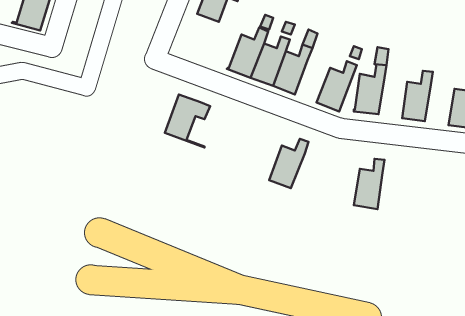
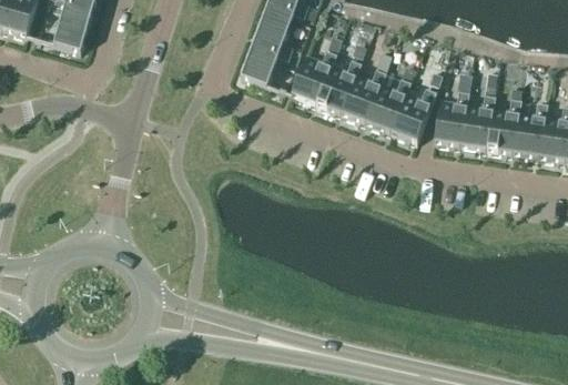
building: none -> [513,102,547,159]
building: [165,94,210,148] -> [241,33,292,93]
building: [269,139,309,188] -> [366,78,410,133]
building: [354,159,384,209] -> [460,94,495,151]

